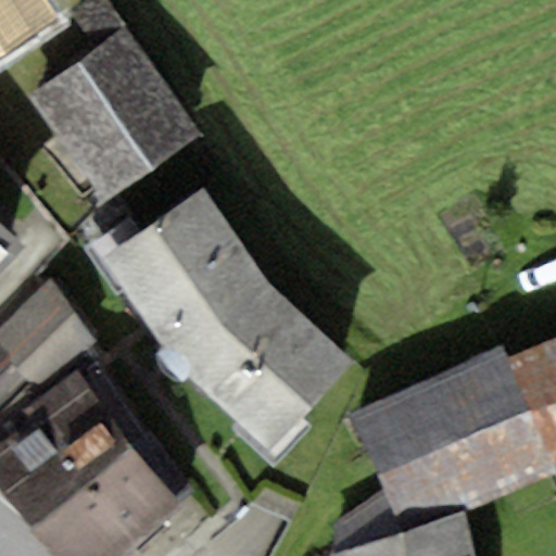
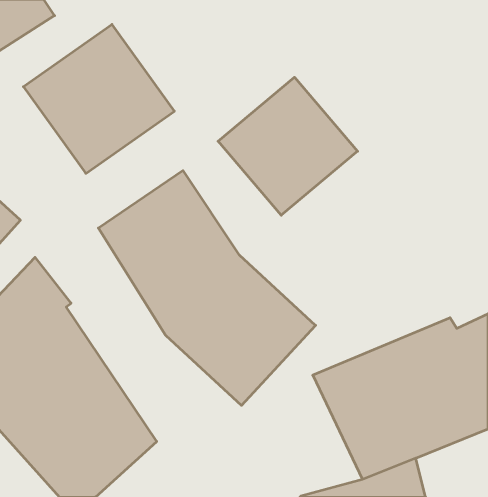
building: none -> [218,77,358,215]

